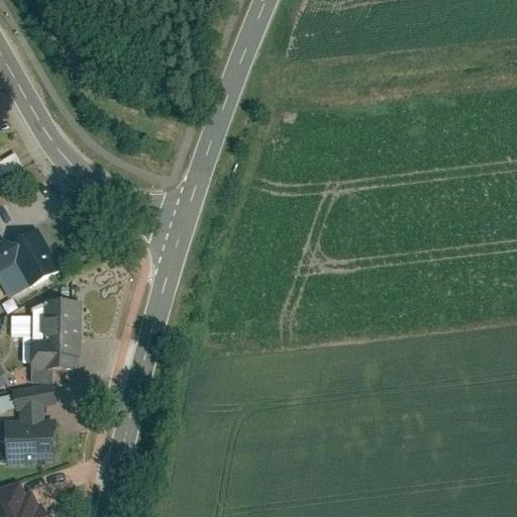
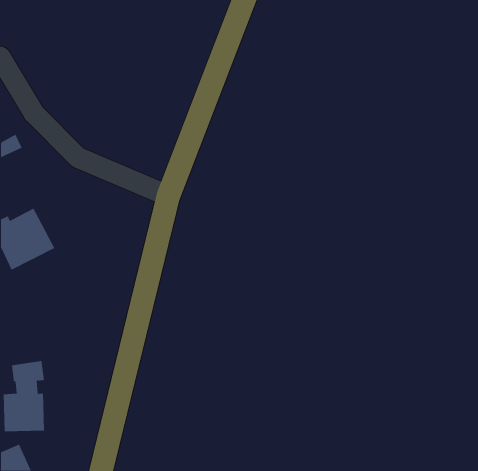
building: [9,307,76,374] -> none

